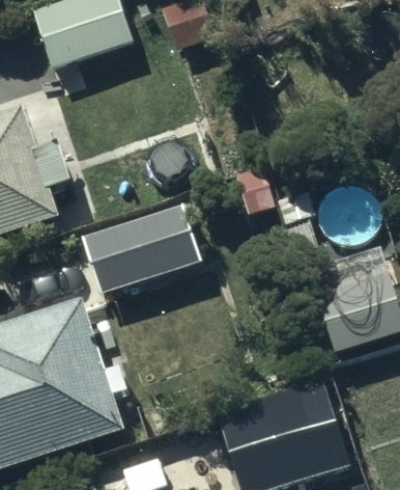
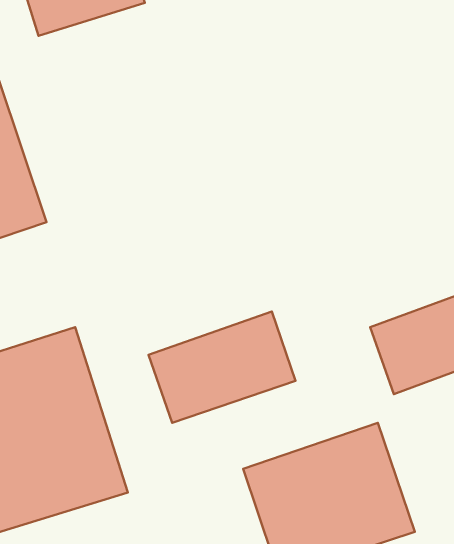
building: [82,202,198,291] -> [149,311,295,423]

